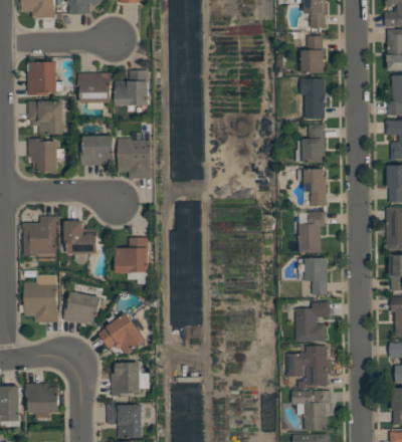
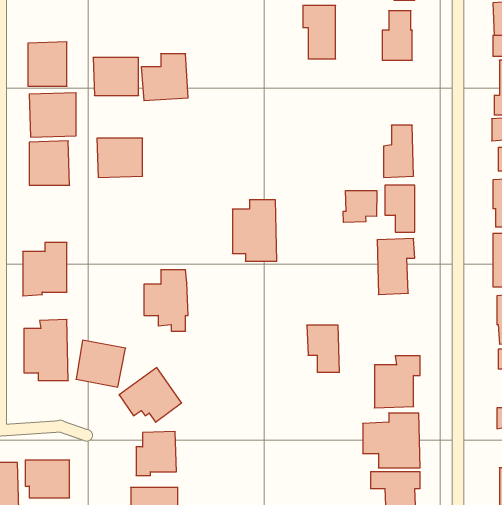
building: [299,79,325,121] -> [303,5,336,59]
building: [119,132,153,179] -> [232,200,277,261]
building: none -> [343,191,377,222]
building: [65,221,98,254] -> none
building: [304,260,329,296] -> [307,325,339,372]

